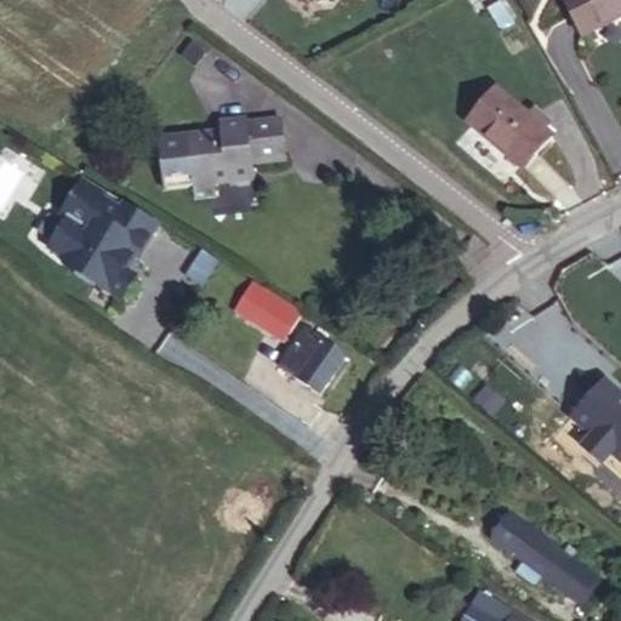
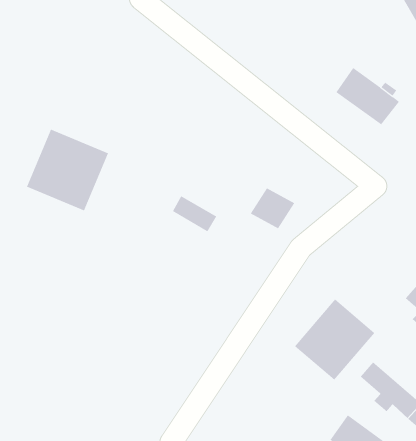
building: [144,115,274,196] -> none
building: [286,326,349,384] -> [250,188,295,229]
building: none -> [294,299,375,381]

